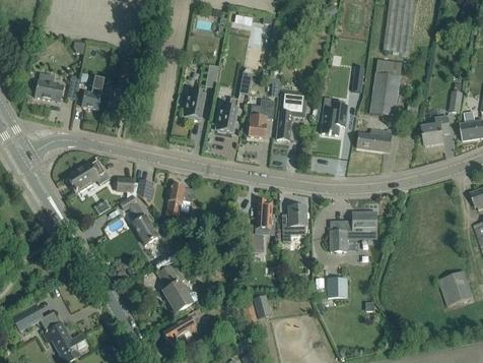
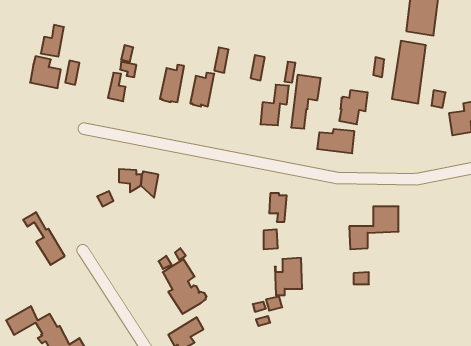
building: [81,79,102,109] -> [41,25,64,57]
building: [215,98,237,132] -> [160,65,184,102]
building: [356,128,391,150] -> [317,129,354,153]
building: [68,160,110,191] -> none
building: [165,183,193,217] -> none
building: [120,195,158,244] -> [23,212,65,265]
building: [281,205,306,240] -> [275,258,302,295]

